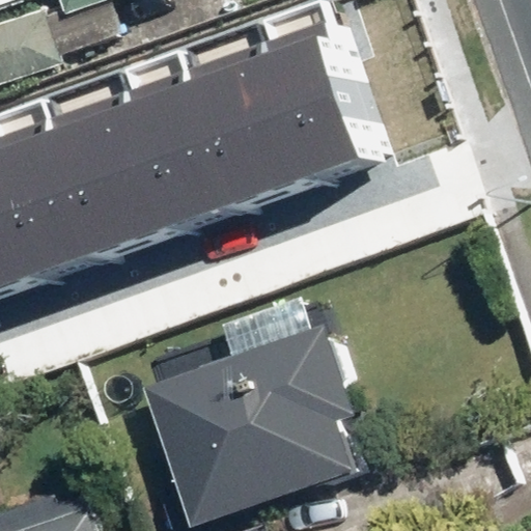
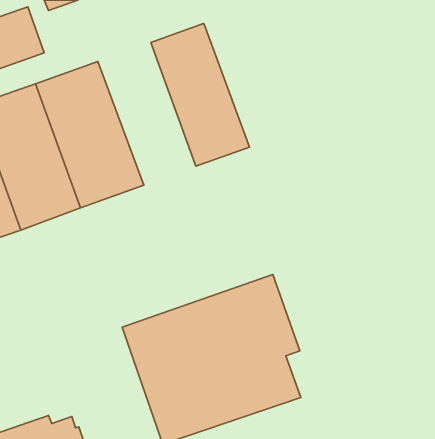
building: [245,11,362,180] -> none
building: [117,55,234,226] -> none

